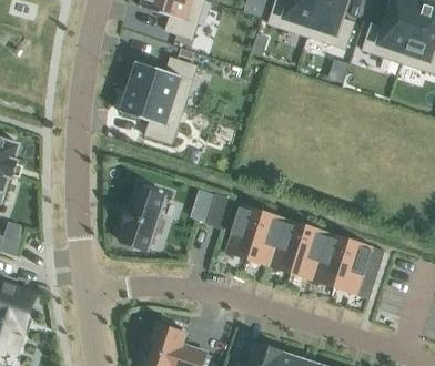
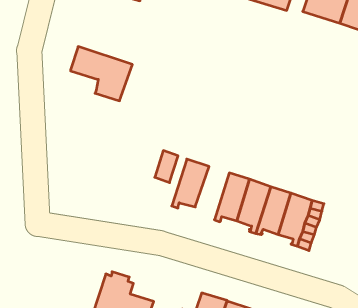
building: [124,57,195,104] -> none
building: [120,184,164,250] -> none
building: [249,211,284,266] -> none

